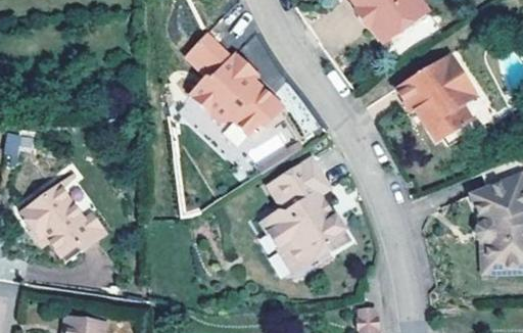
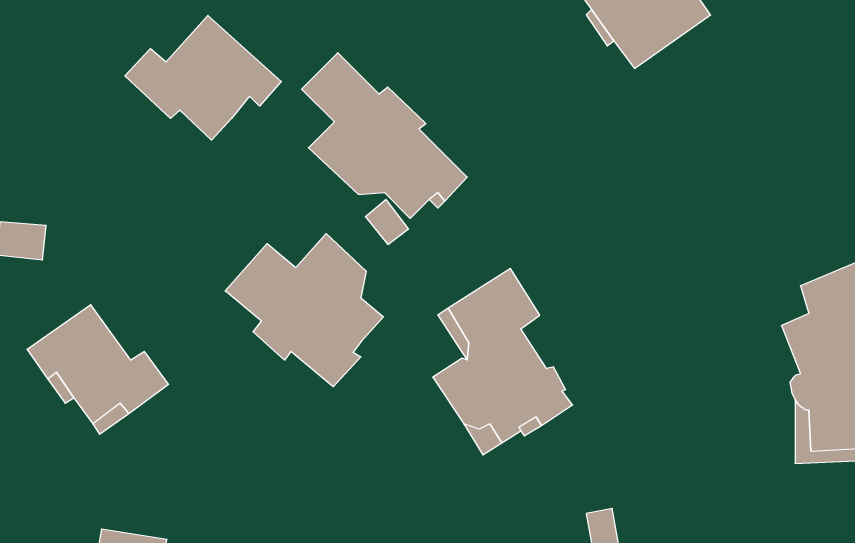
building: none -> [125,15,281,140]
building: [394,54,473,140] -> none
building: none -> [225,234,383,387]

